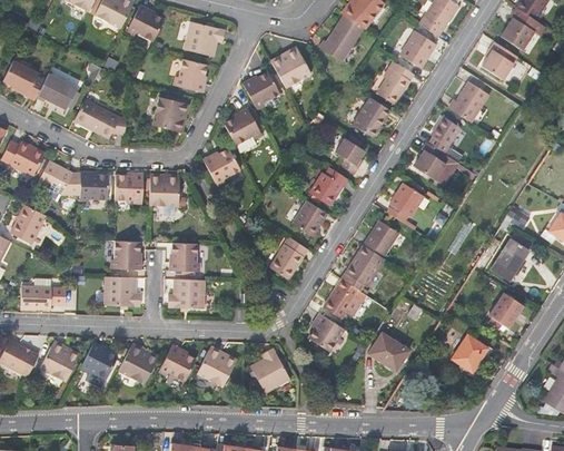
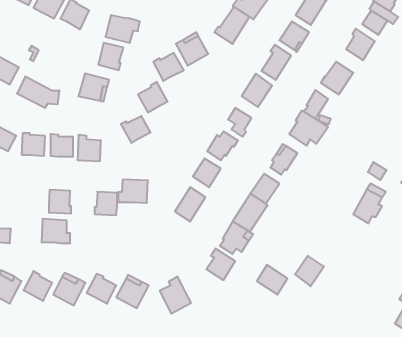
building: [169,278,206,307] -> [118,180,148,203]
building: [487,293,521,326] -> none
building: [451,333,486,371] -> [295,256,324,286]

